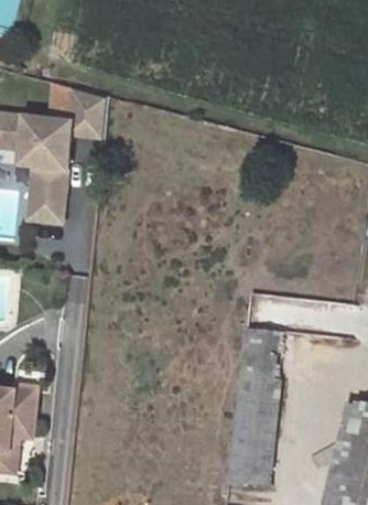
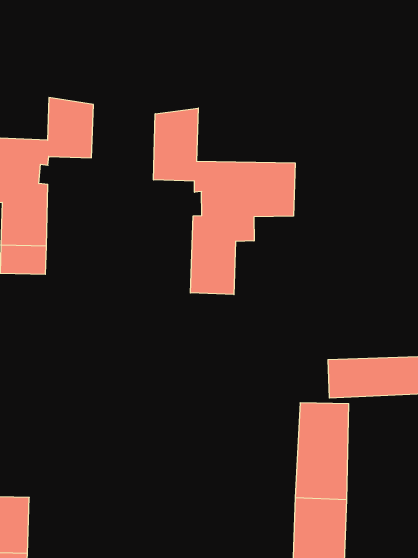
building: none -> [154,108,295,295]

